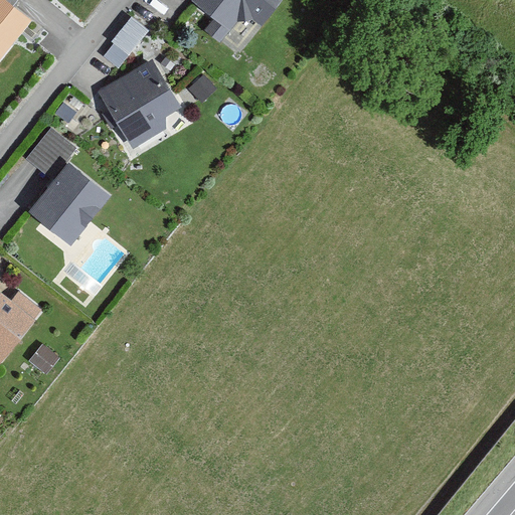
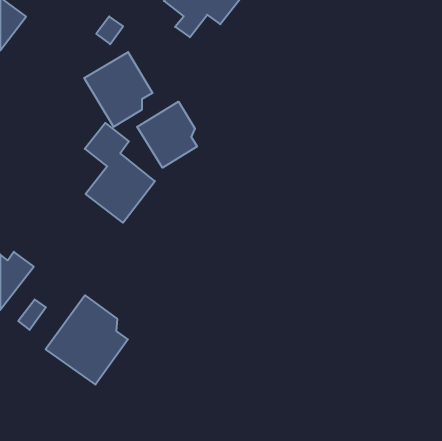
building: none -> [137,102,197,168]
building: [27,128,109,243] -> [85,123,155,223]
building: none -> [46,295,128,385]

